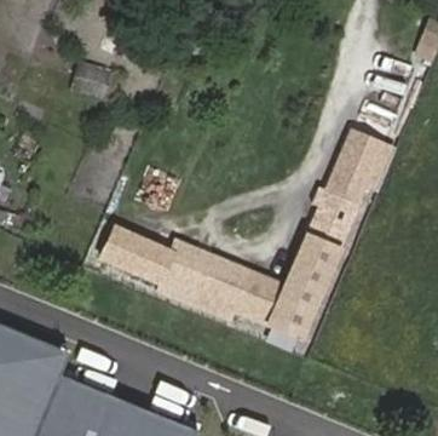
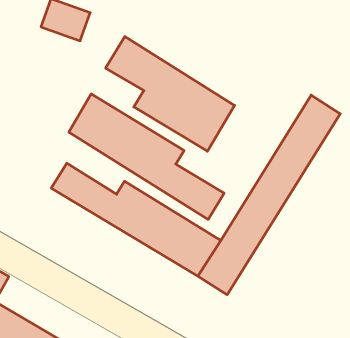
building: none -> [106,37,235,151]
building: none -> [69,94,224,219]

